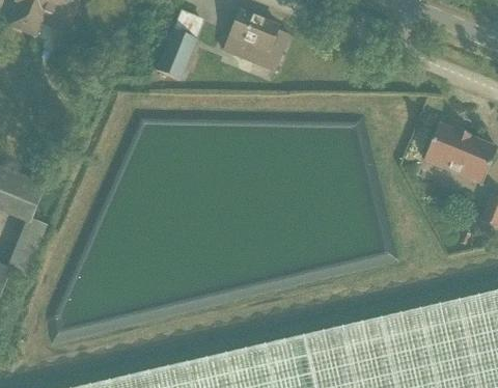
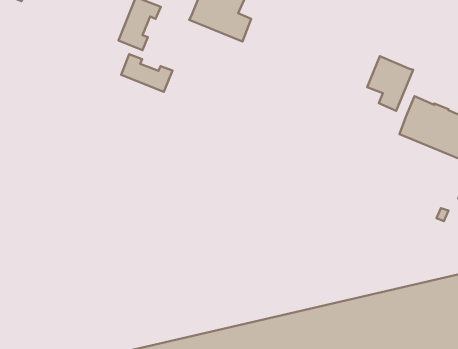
building: none -> [121,54,173,92]
building: none -> [367,56,413,111]

